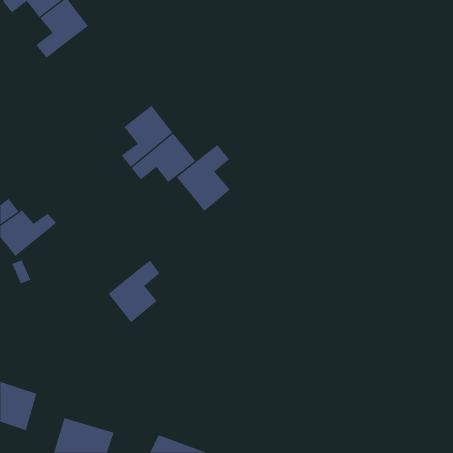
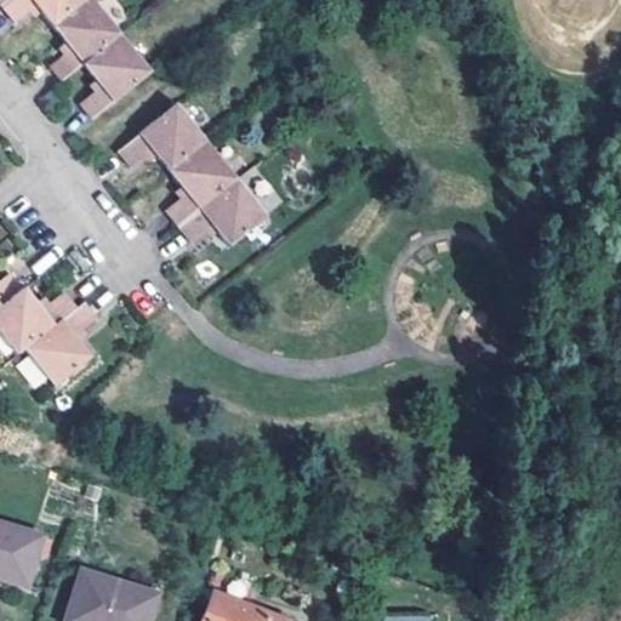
building: none -> [79,35,152,119]
building: none -> [118,104,207,173]
building: [176,144,230,212] -> none
building: [108,260,160,323] -> [27,300,98,386]

